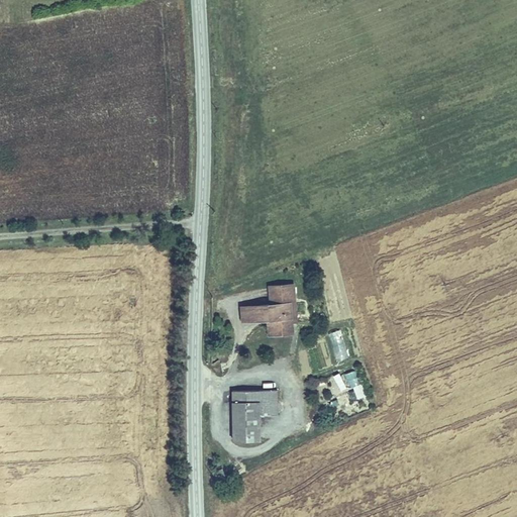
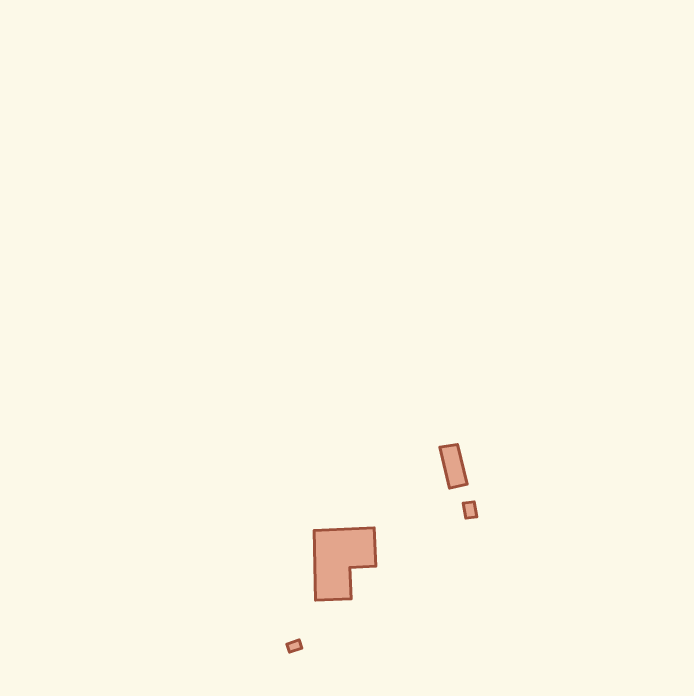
building: [241,286,295,337] -> none

